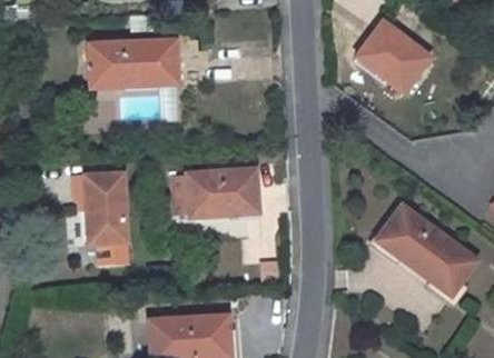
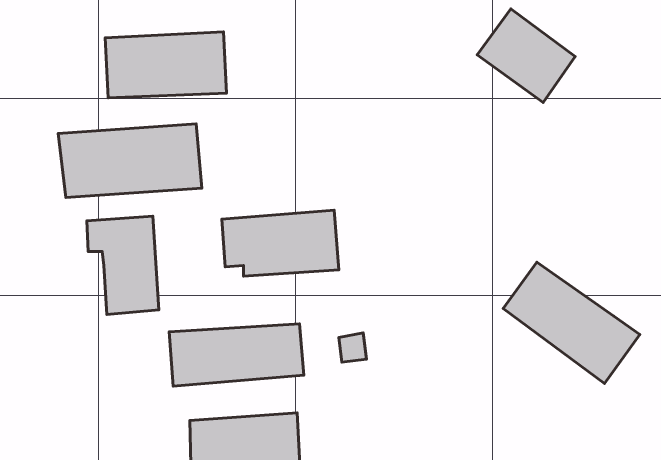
building: none -> [58,124,202,198]
building: none -> [169,324,304,386]

